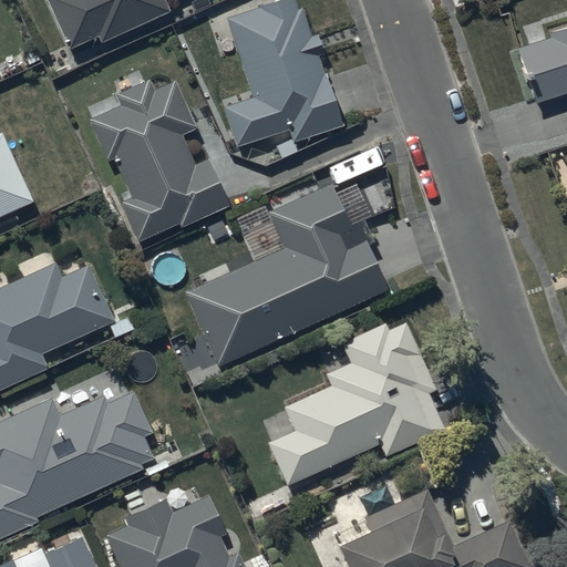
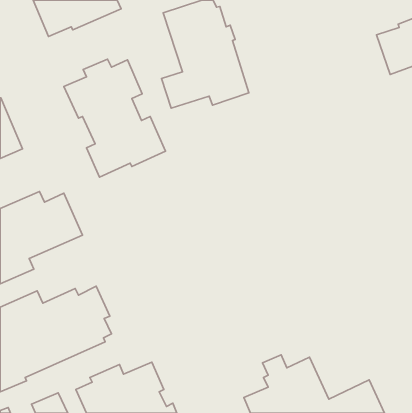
building: [184,184,388,367] -> none
building: [267,322,446,485] -> none

